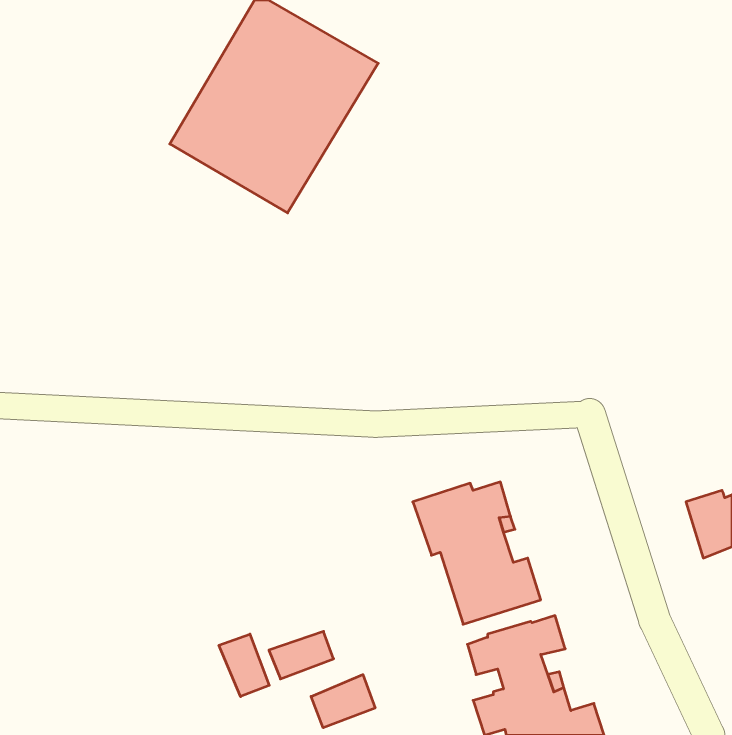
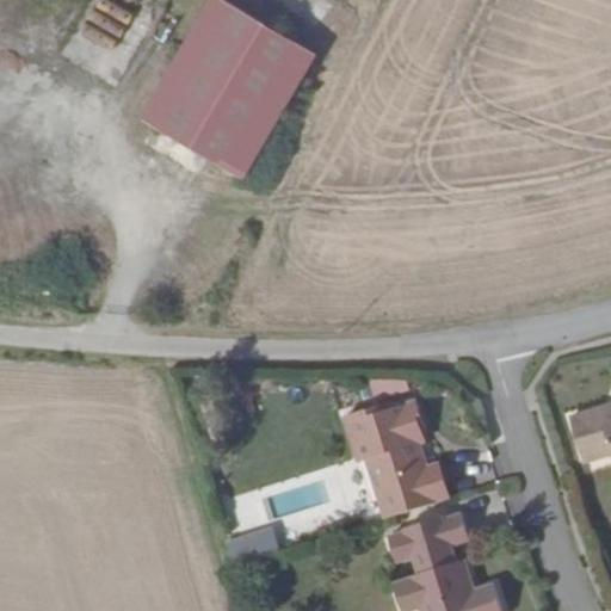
building: [219,634,269,697] -> none
building: [311,675,375,728] -> none

